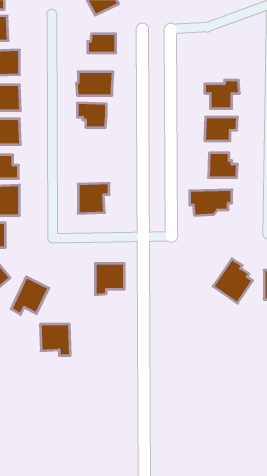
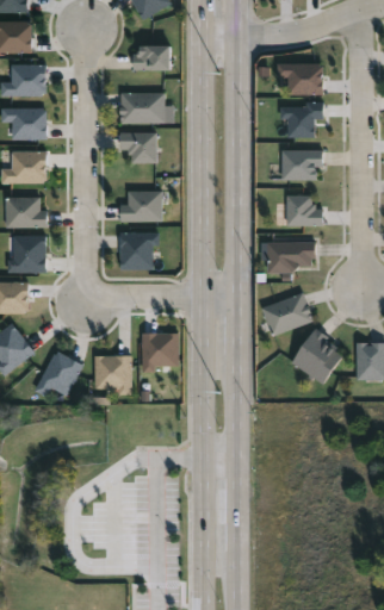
building: none -> [278,63,323,95]
building: none -> [119,189,161,220]
building: none -> [260,292,312,336]
building: [40,324,70,355] -> [94,356,132,396]

